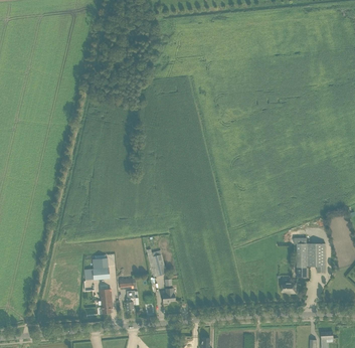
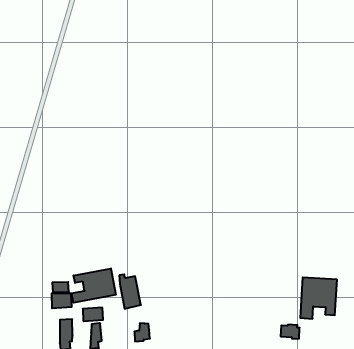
building: none -> [72,268,116,303]

